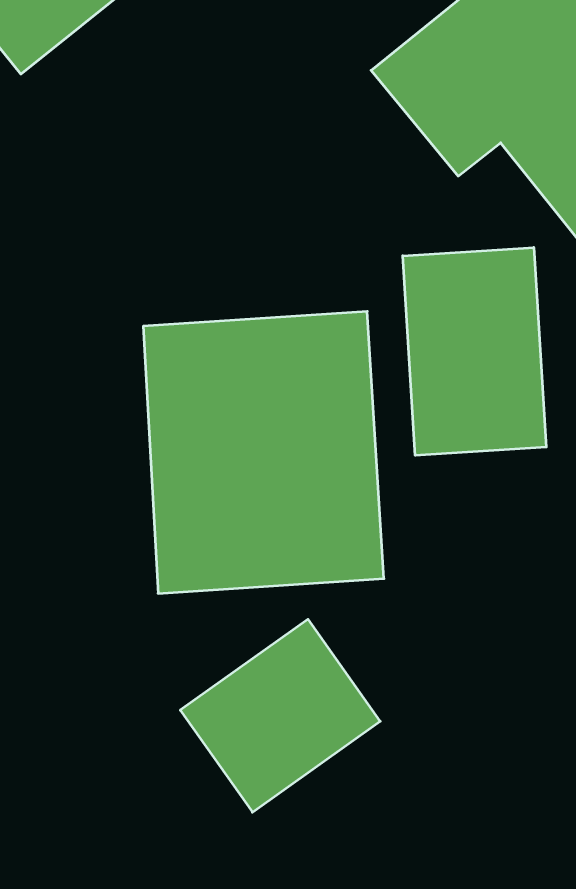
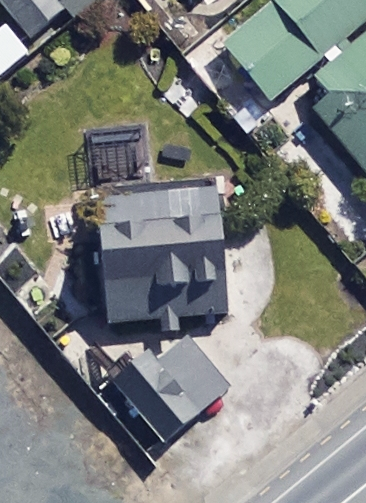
building: [403,247,546,455] -> none

